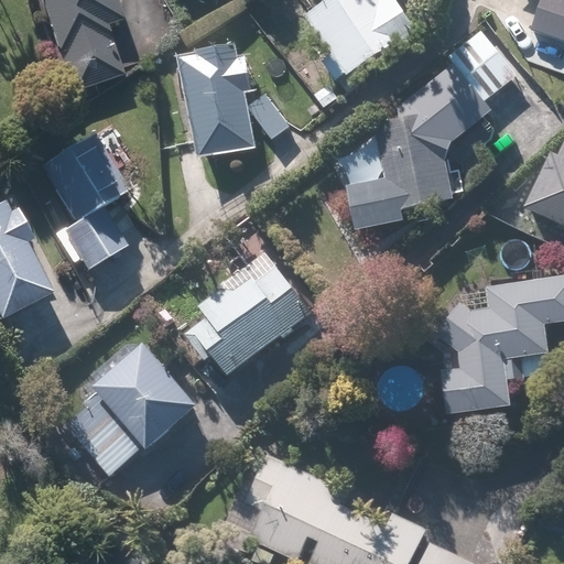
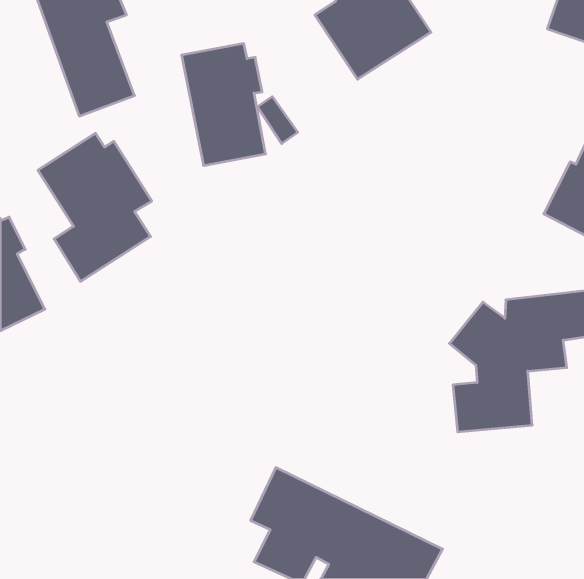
building: [333,28,519,231] -> none
building: [184,267,310,376] -> none
building: [52,343,196,480] -> none

